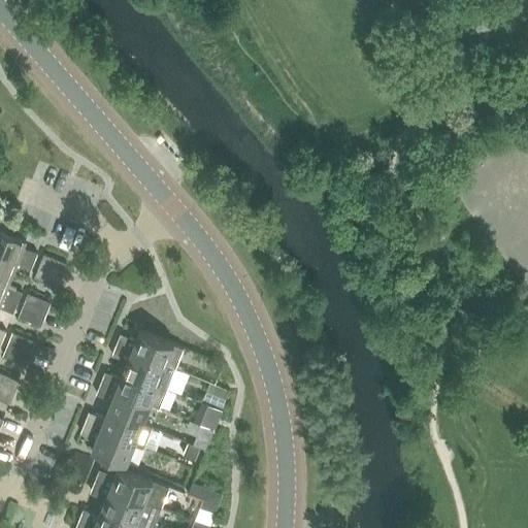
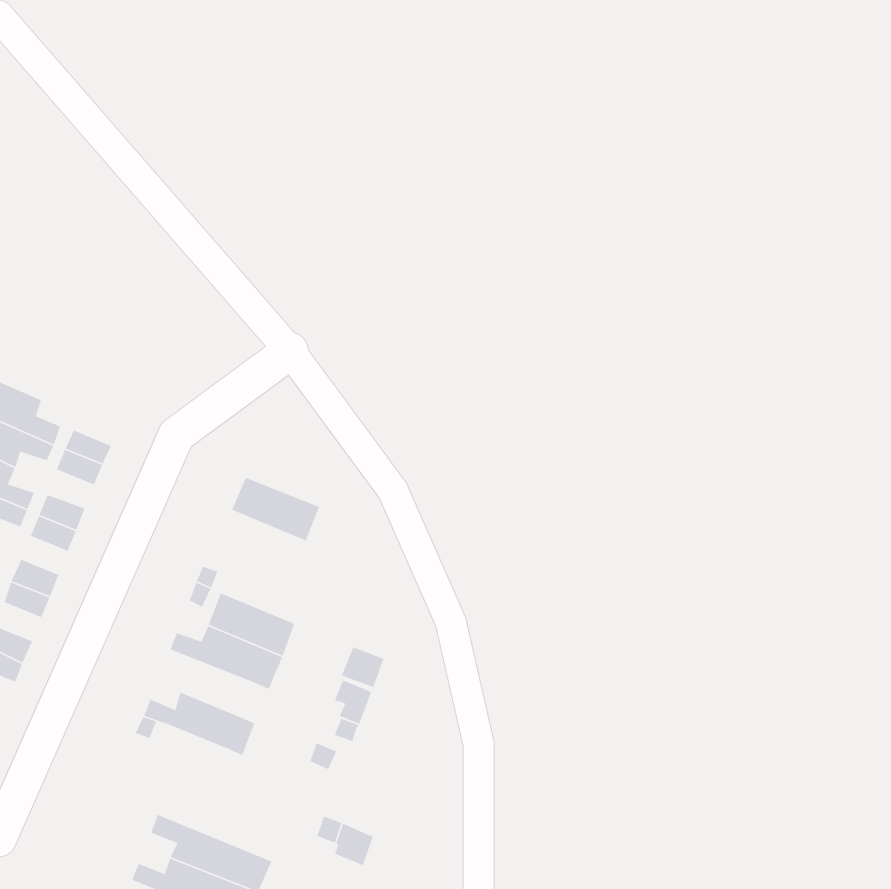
building: [130,332,183,370] -> [231,477,320,542]
building: [96,386,150,425] -> none
building: [91,430,134,465] -> none
building: [93,468,169,510] -> none

